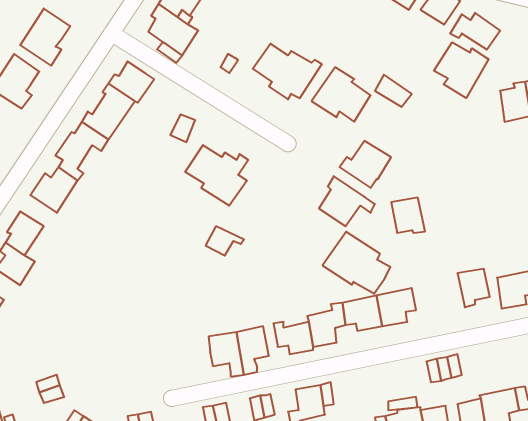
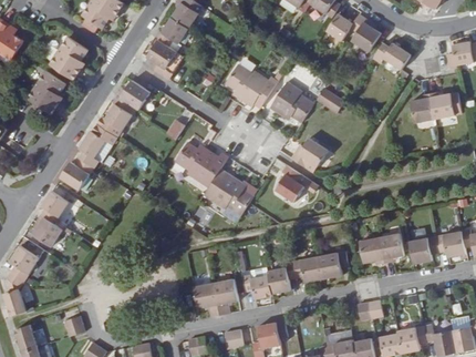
building: [434,42,489,98] -> none
building: [391,198,425,233] -> [359,238,384,265]
building: [323,232,390,294] -> [203,169,253,215]

